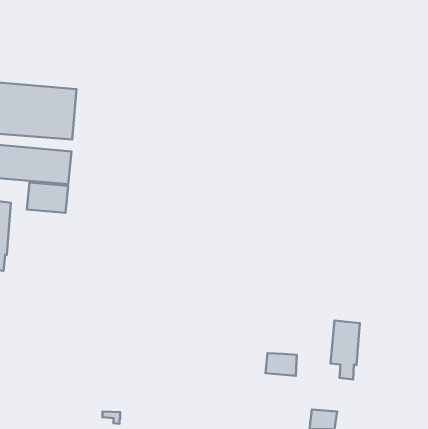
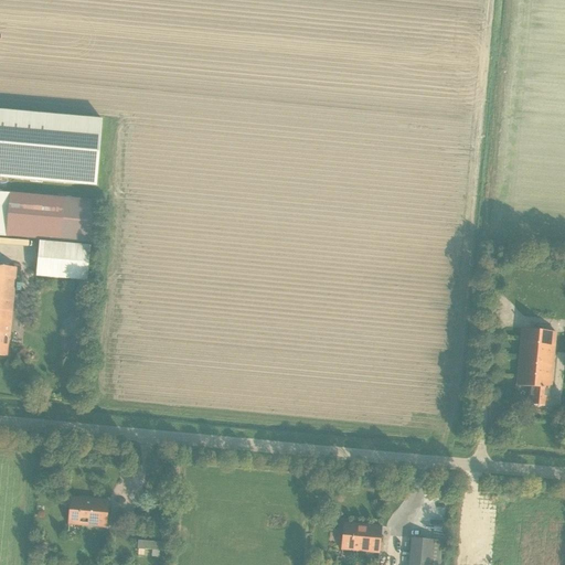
building: [330,321,360,380] -> [515,328,554,405]
building: [266,353,297,376] -> [340,522,381,552]
building: none -> [67,495,107,526]

